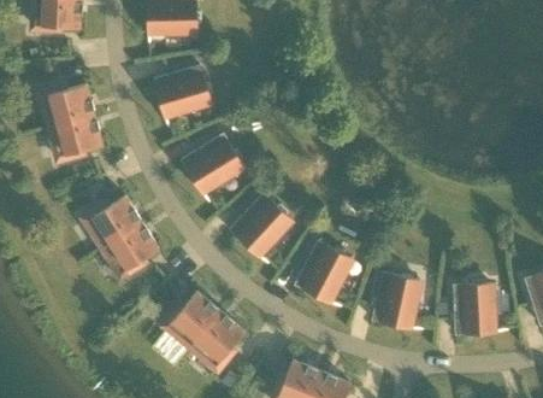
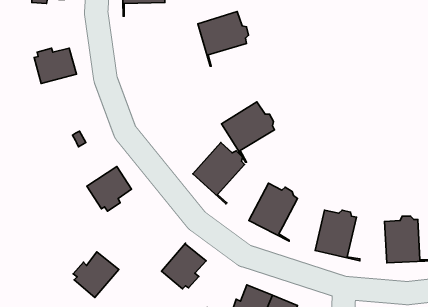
building: [154,66,213,130] -> [198,11,249,66]
building: [54,116,102,162] -> none
building: [182,135,243,205] -> [222,102,275,162]
building: [89,197,142,246] -> none
building: [169,292,222,345] -> [73,252,119,298]

